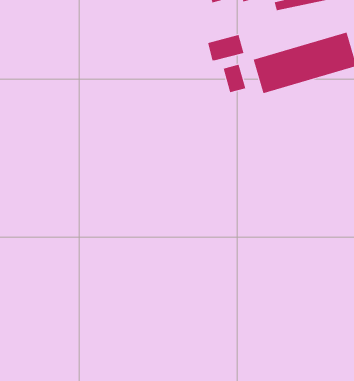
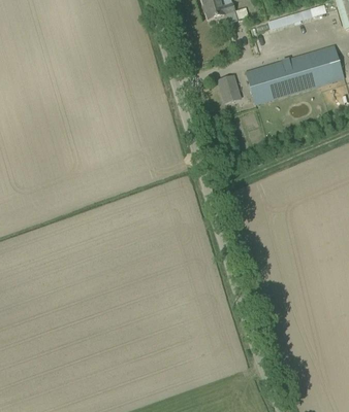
building: [207,34,244,61] -> none

